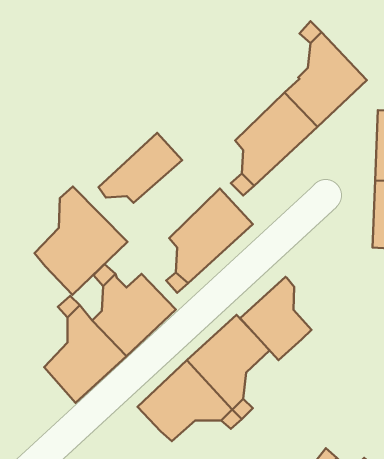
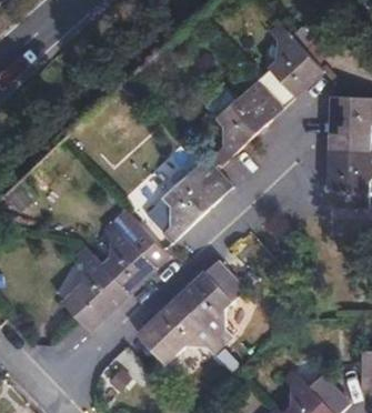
building: [99,133,182,203] -> none
building: [35,186,128,295] -> none
building: [240,277,311,360] -> none

